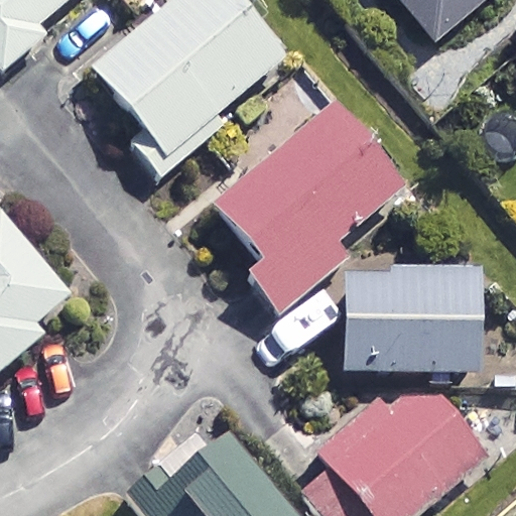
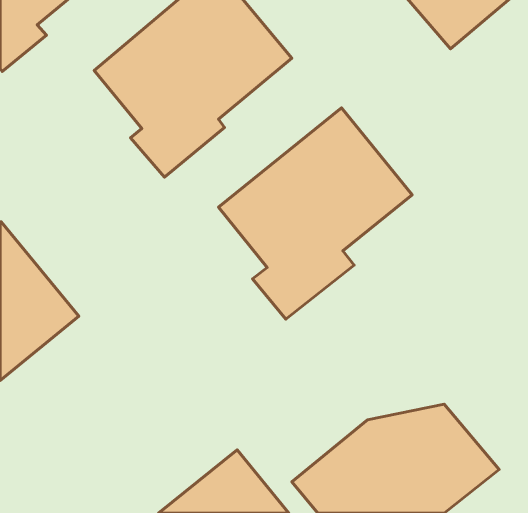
building: [343,264,485,372] -> none

